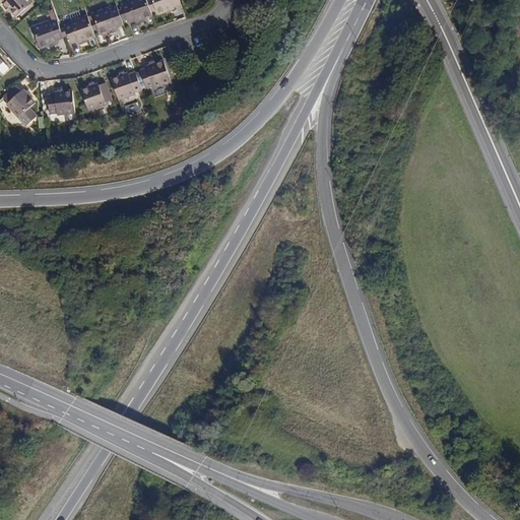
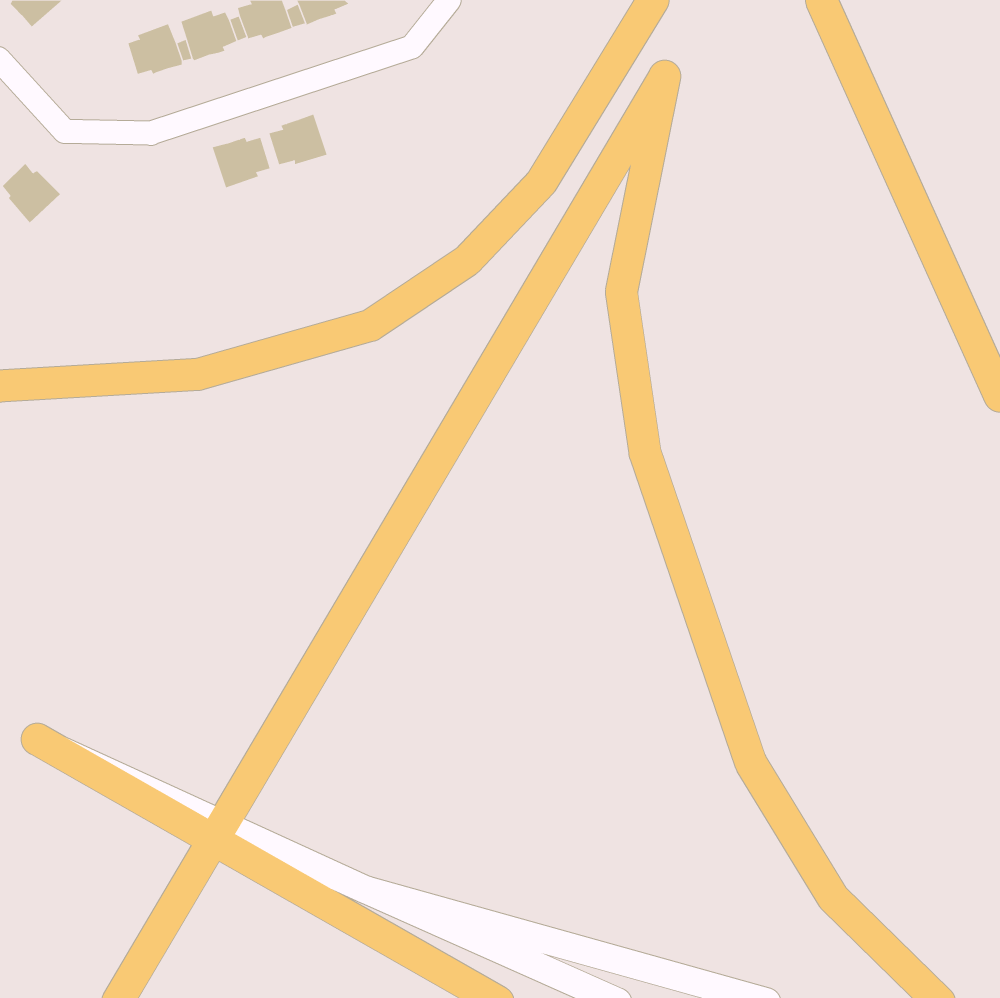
building: [32,20,62,48] -> none
building: [79,82,110,110] -> none
building: [48,89,74,113] -> none

